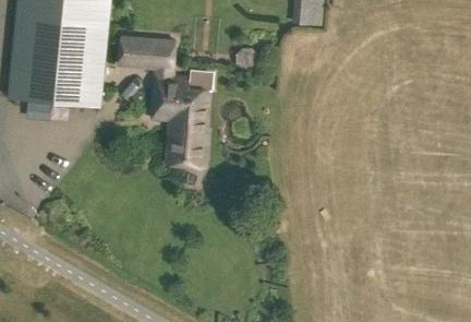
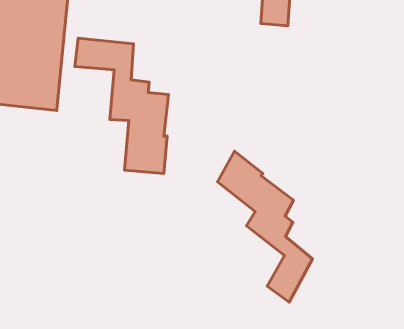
building: none -> [217,151,313,302]

